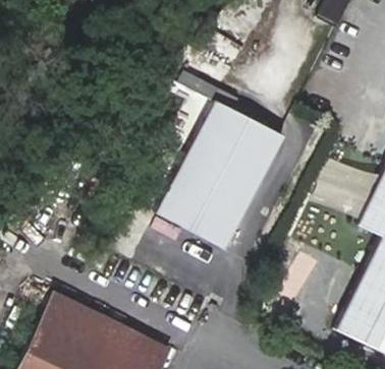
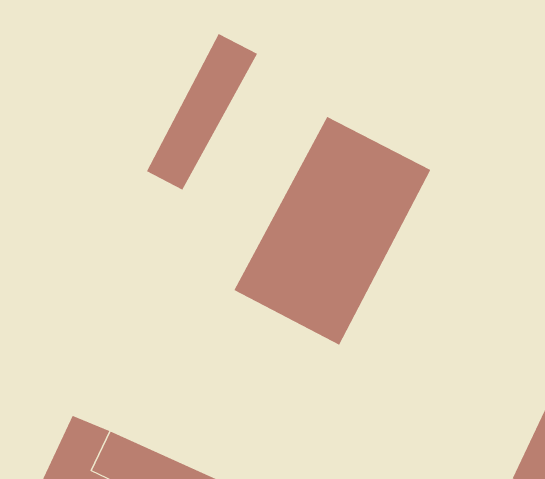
building: none -> [146,33,258,191]

